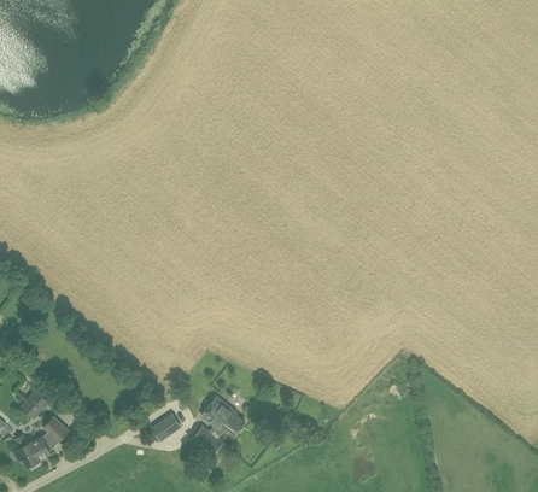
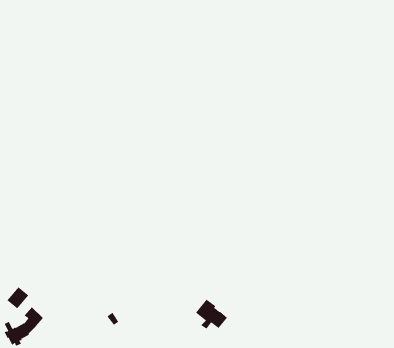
building: [201,396,245,437] -> [195,299,228,330]

